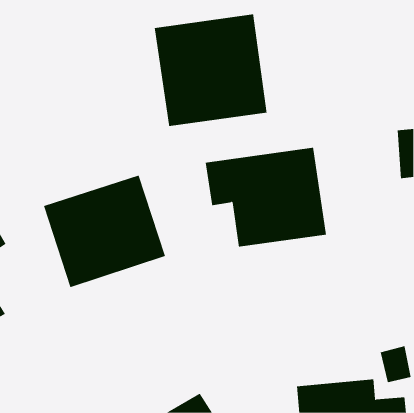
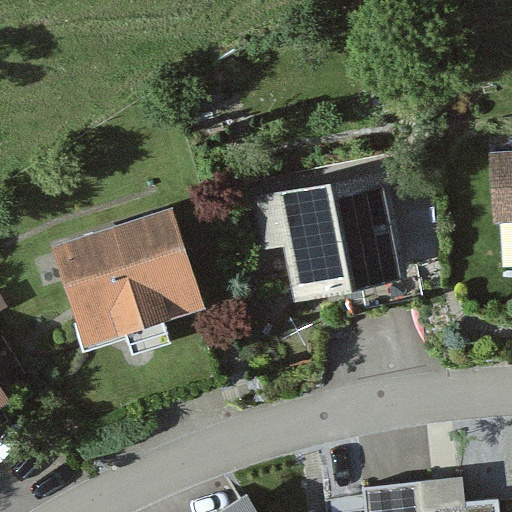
building: [154,13,267,127] -> none

